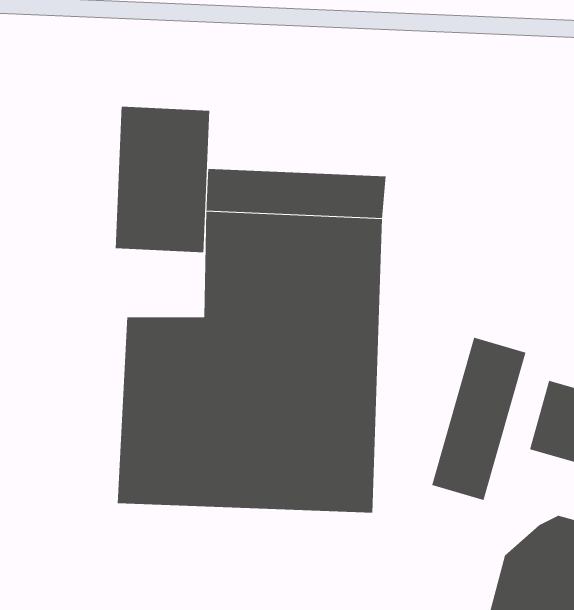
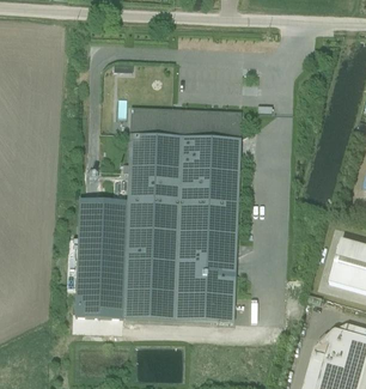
building: [115,106,210,253] -> none
building: [432,337,526,501] -> none

